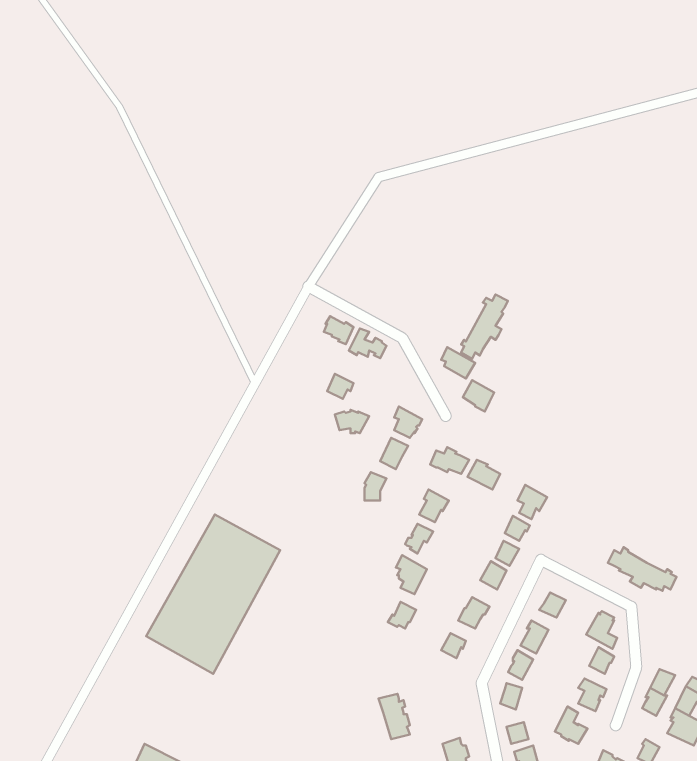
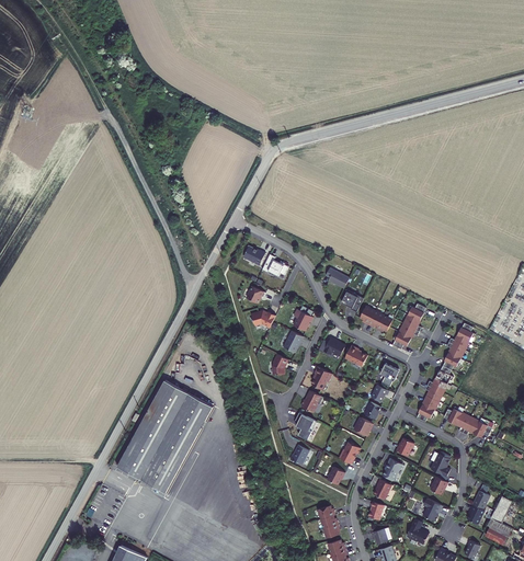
building: [461,295,508,359] -> [392,304,425,348]
building: none -> [360,306,392,331]
building: none -> [415,323,475,422]
building: [379,694,410,739] -> [316,507,338,539]

